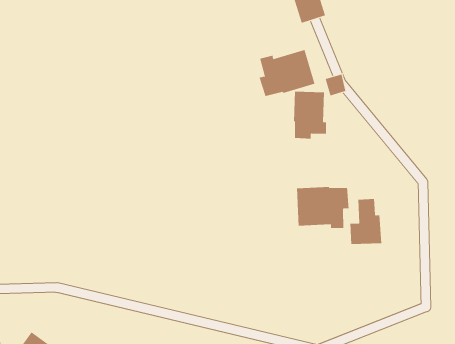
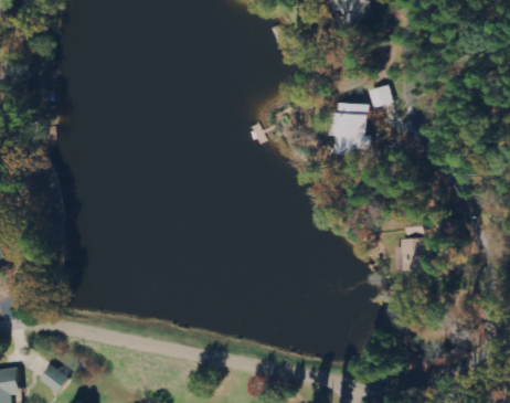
building: [259,49,315,97] -> none
building: [296,186,349,229] -> none

